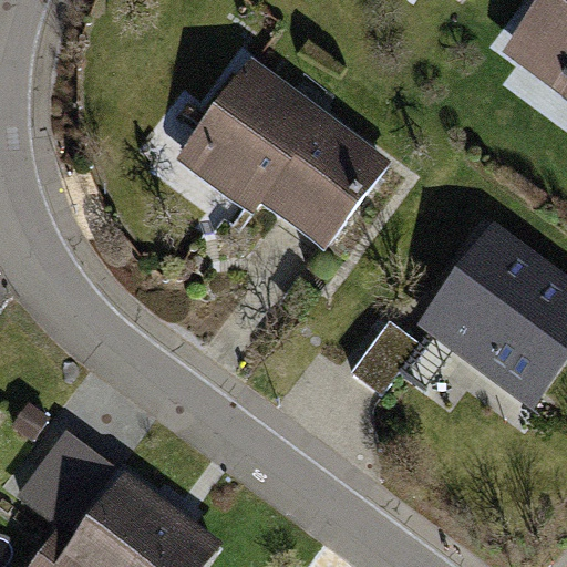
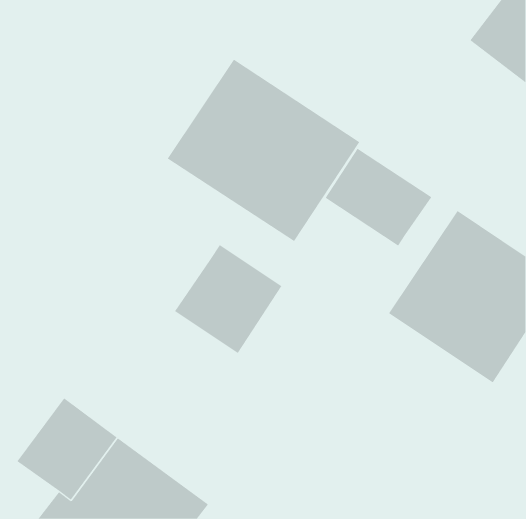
building: none -> [325,148,432,247]
building: none -> [174,244,282,354]

